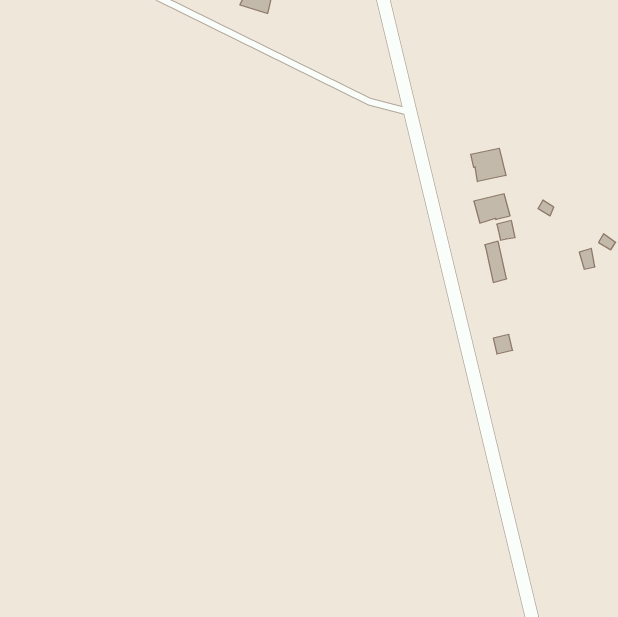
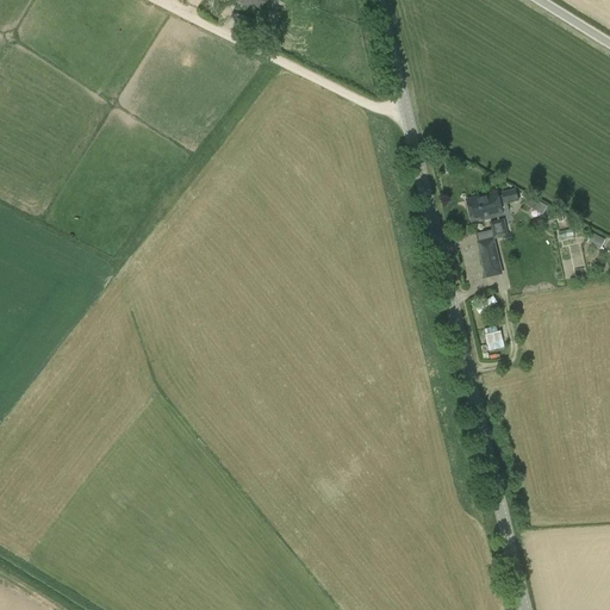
building: [471,148,506,182] -> none

